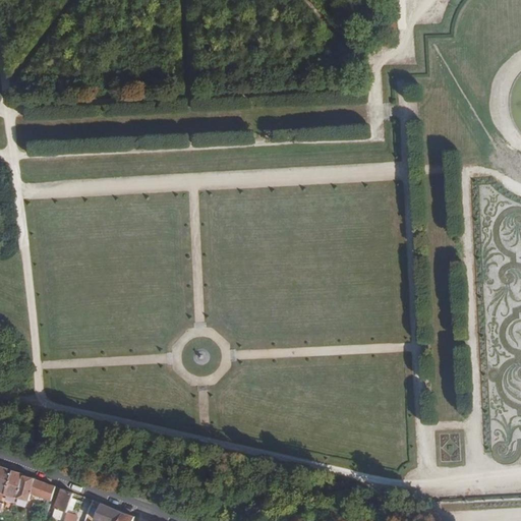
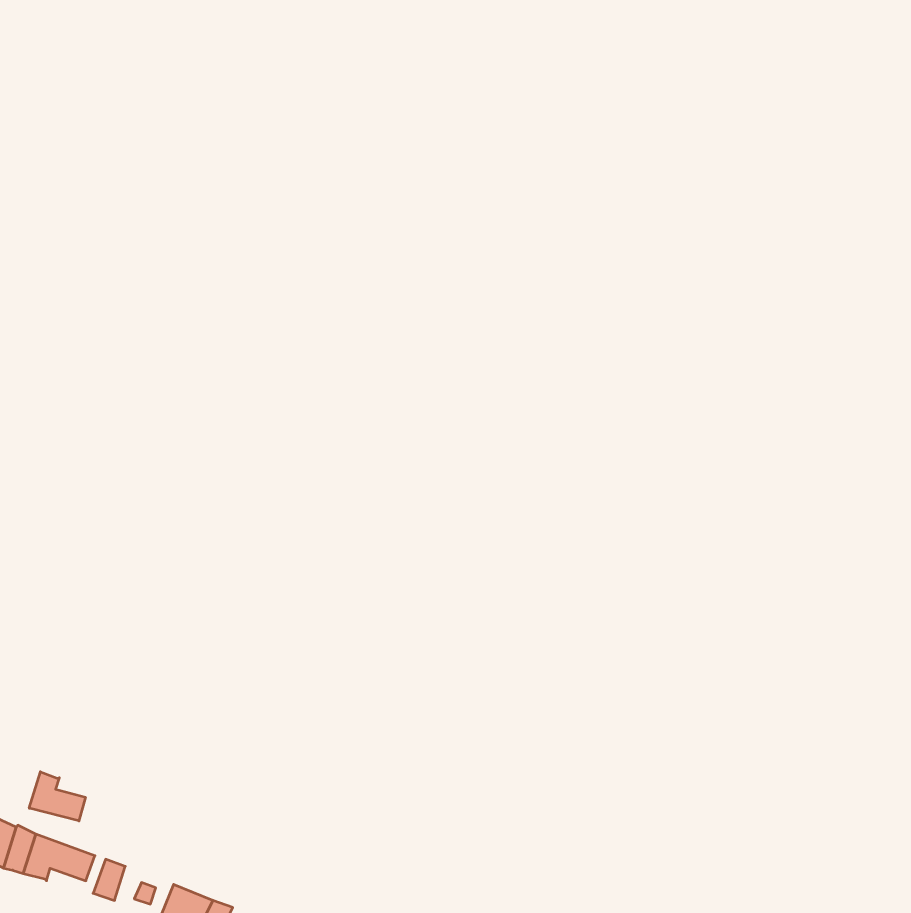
building: none -> [29,772,85,821]

